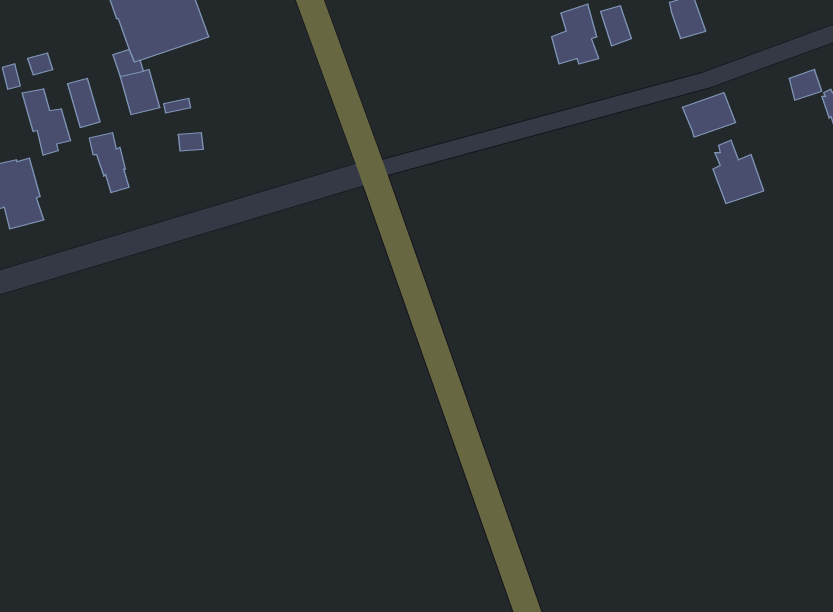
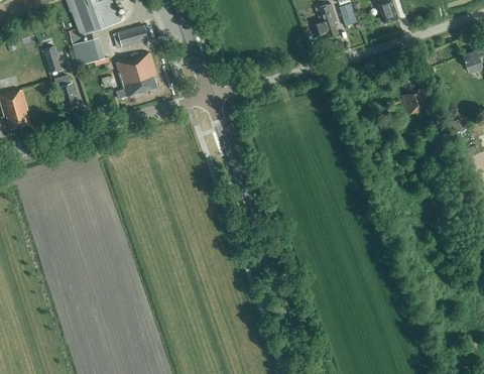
building: none -> [117,24,148,46]
building: [22,89,70,155] -> none
building: [683,93,735,137] -> none
building: none -> [116,52,156,98]

